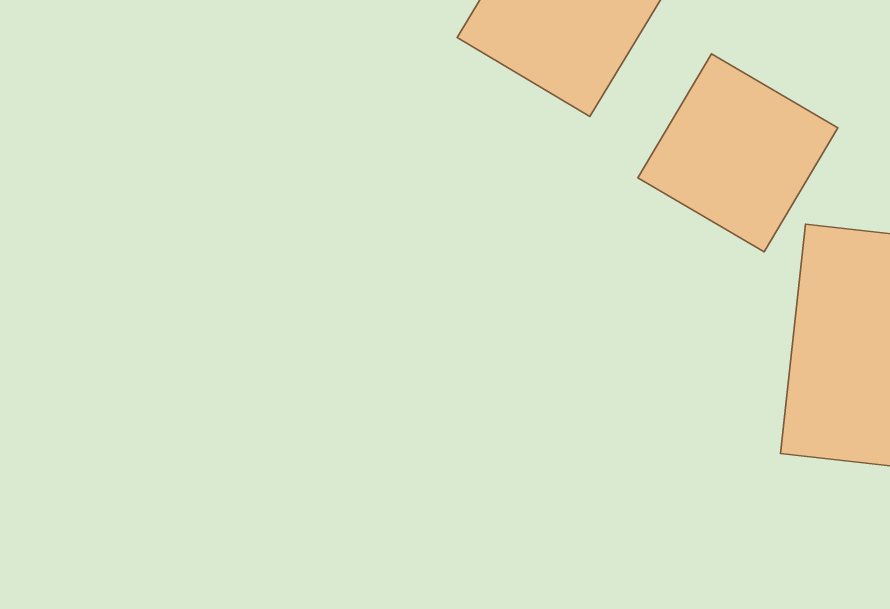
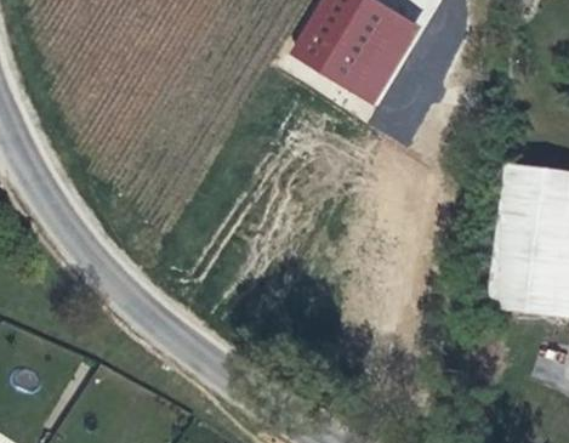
building: [638,54,838,252] -> none

